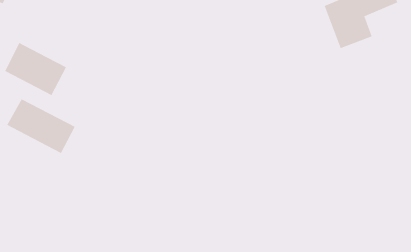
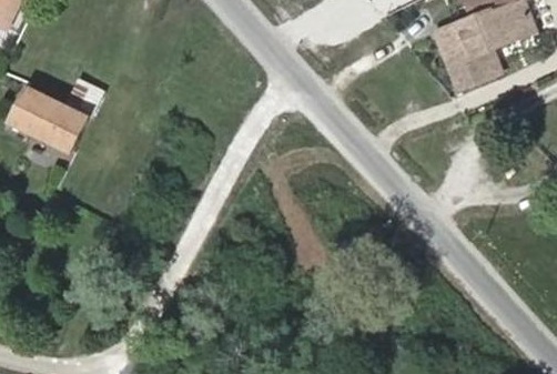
building: [7,99,76,154] -> none

